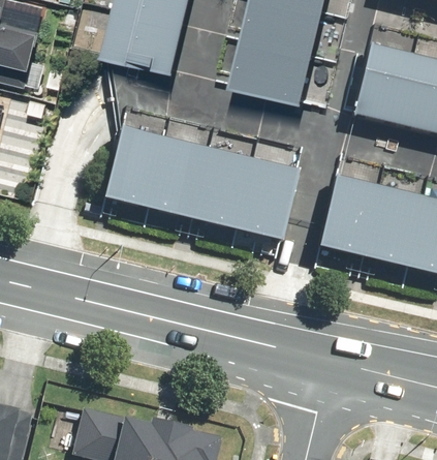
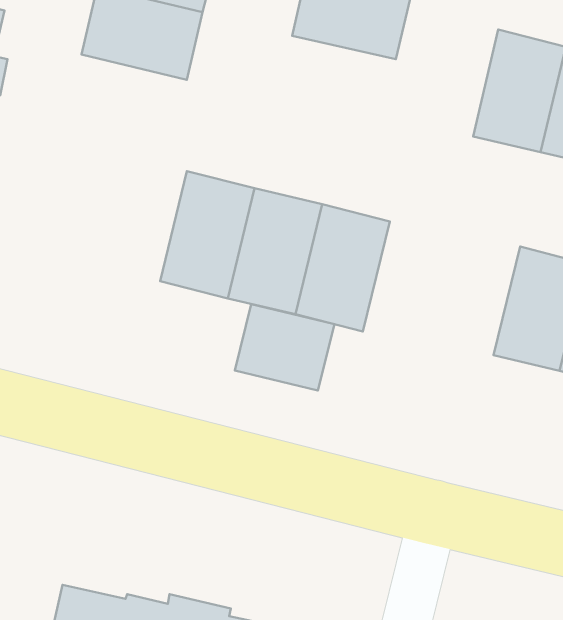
building: [226,47,305,106] -> none
building: [105,125,167,208] -> none
building: [324,175,386,256] -> none
building: none -> [235,304,334,391]

